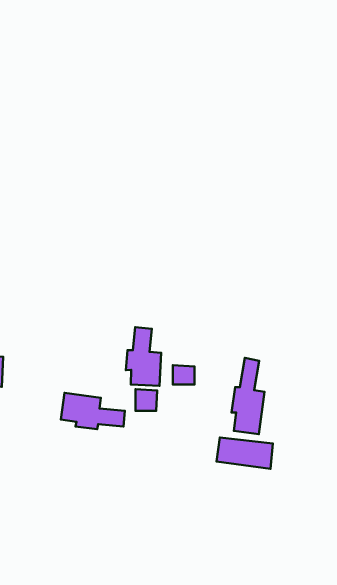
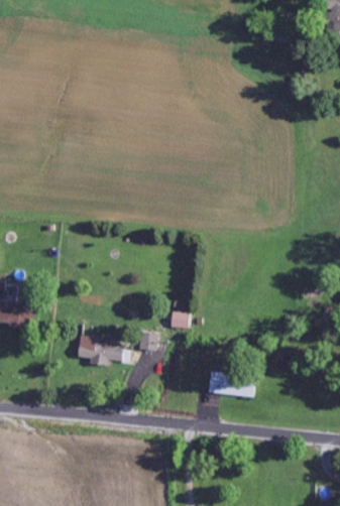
building: [126,327,161,386] -> none
building: [231,358,264,434] -> none

